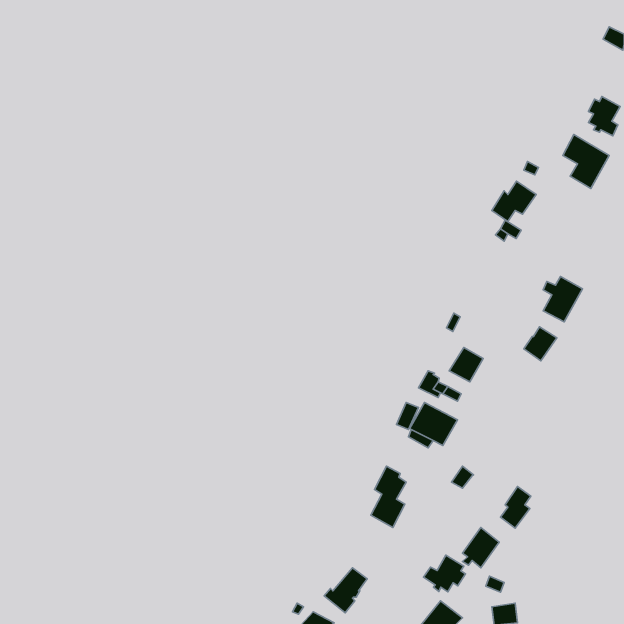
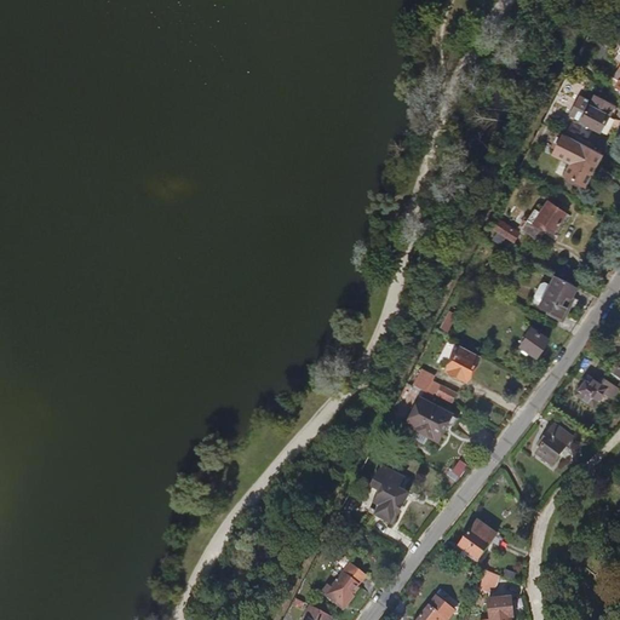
building: [492,181,536,221] -> [523,202,567,242]
building: none -> [574,377,608,407]
building: [500,486,531,528] -> [536,424,567,465]
building: [423,555,465,592] -> none

